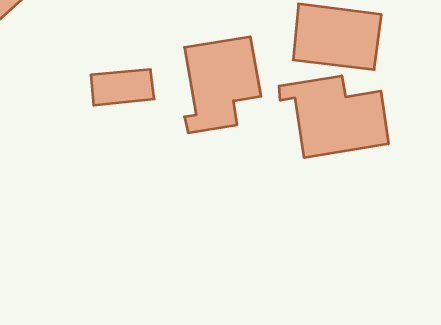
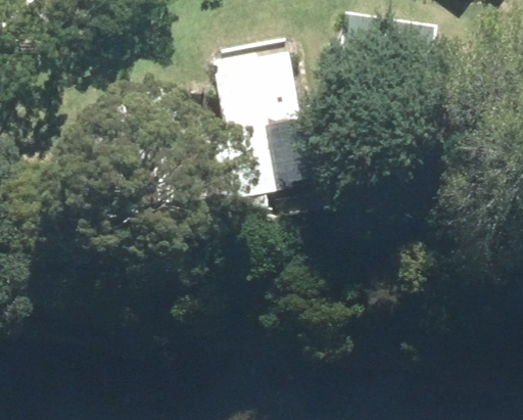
building: [279,76,388,158] -> none

